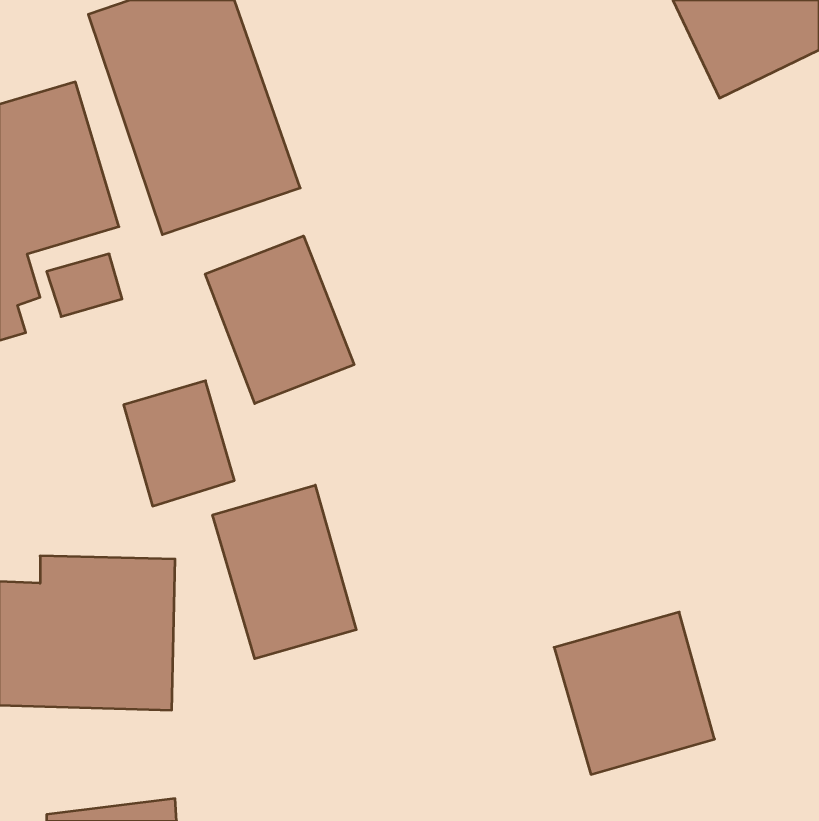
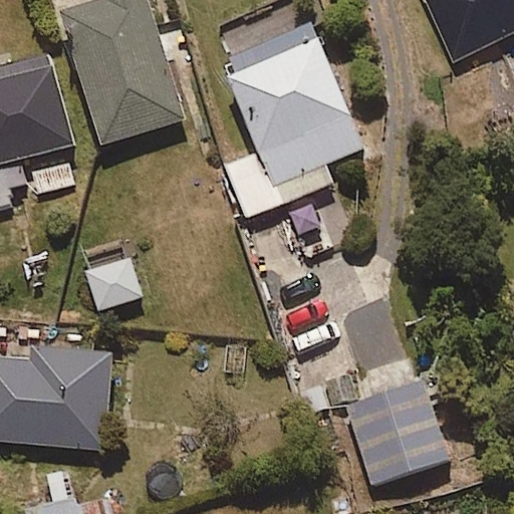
building: none -> [217,20,362,218]
building: [205,236,354,404] -> none
building: [213,485,356,659] -> none

